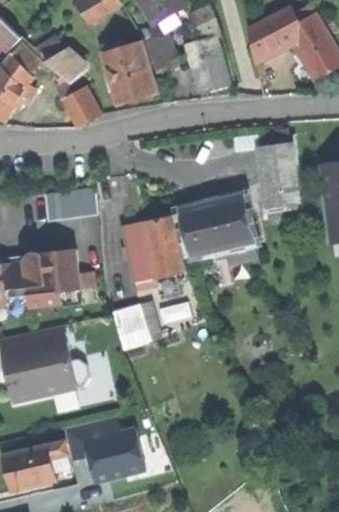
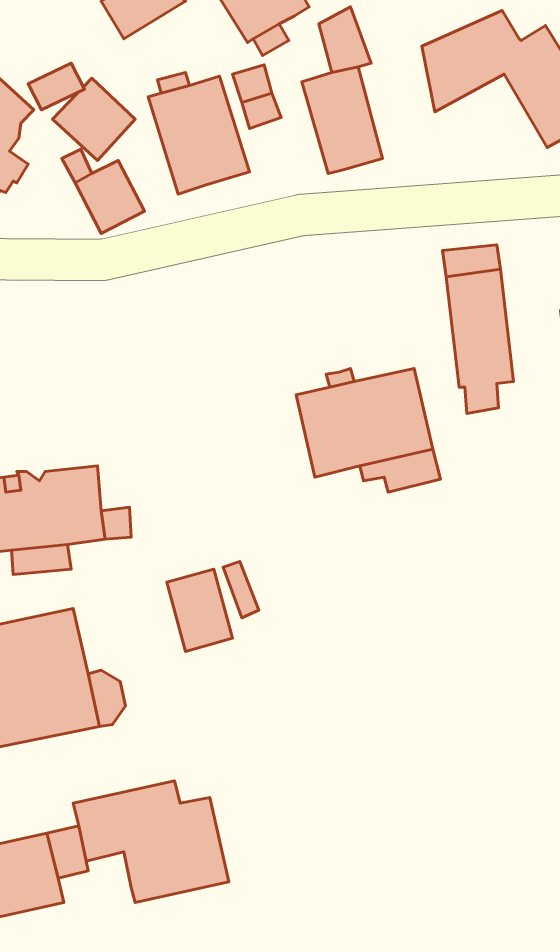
building: [43,187,97,220] -> none
building: [122,216,184,283] -> none

